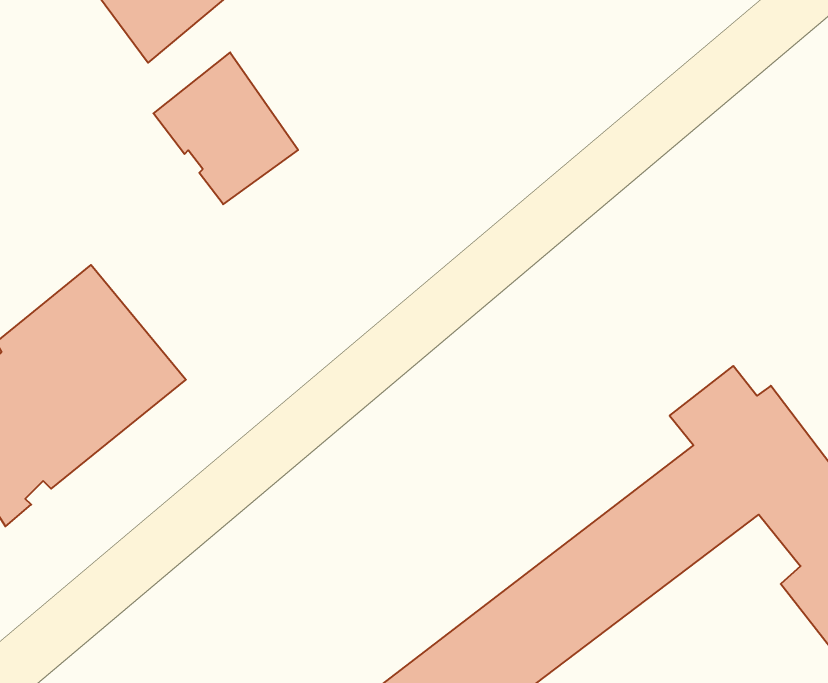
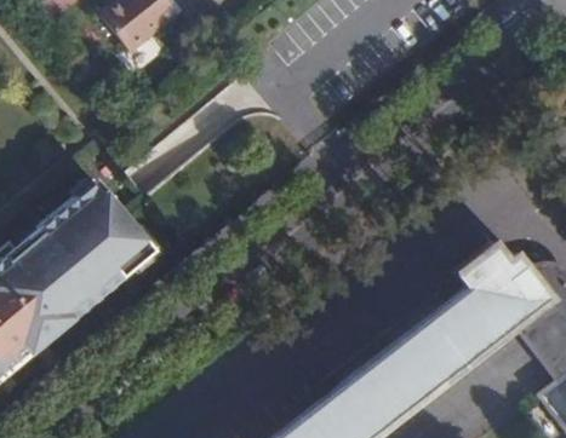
building: [153,52,298,204] -> none

